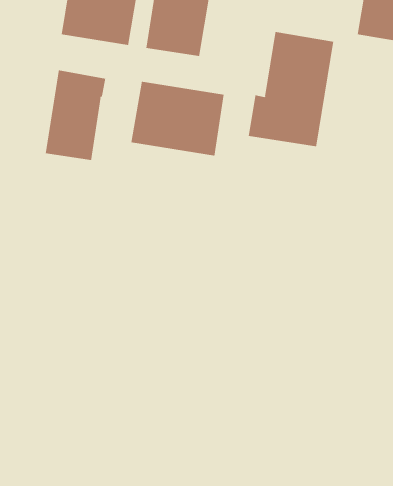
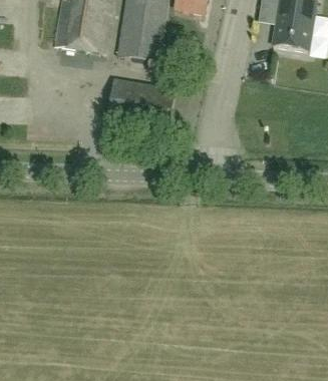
building: [248,31,334,147] -> none
building: [45,69,106,161] -> none

